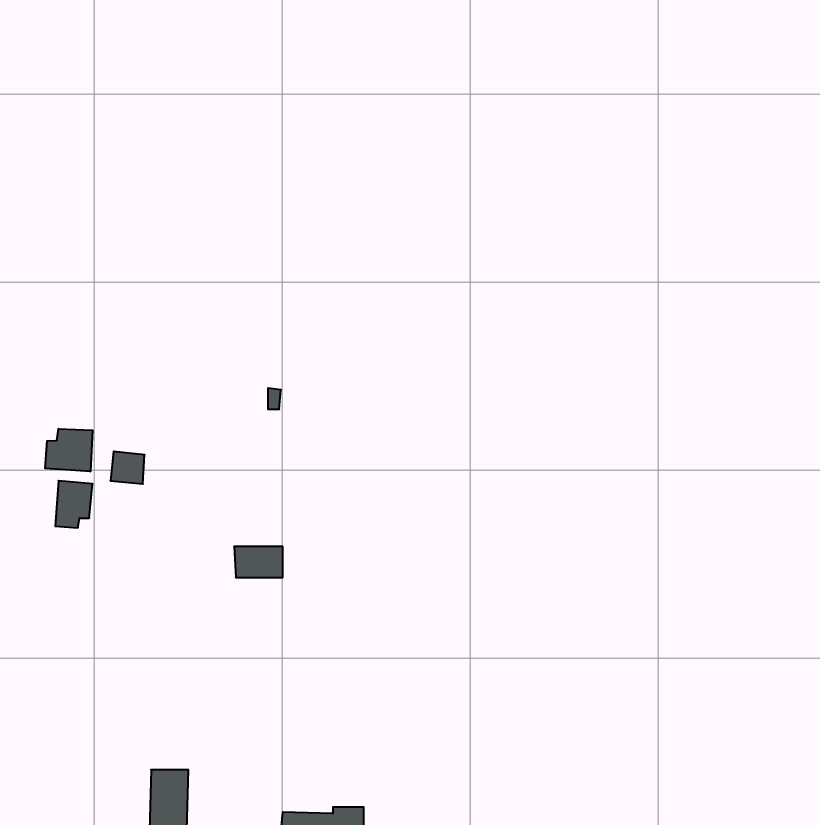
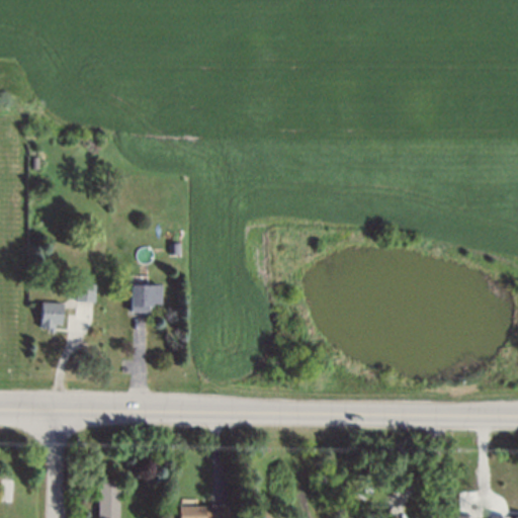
building: [45,429,93,472] -> none
building: [234,547,283,577] -> [131,287,161,307]

